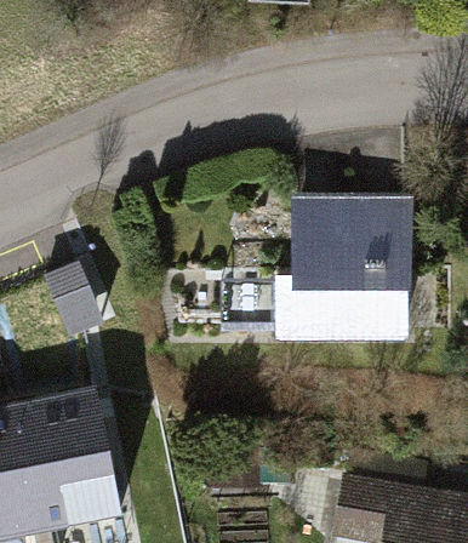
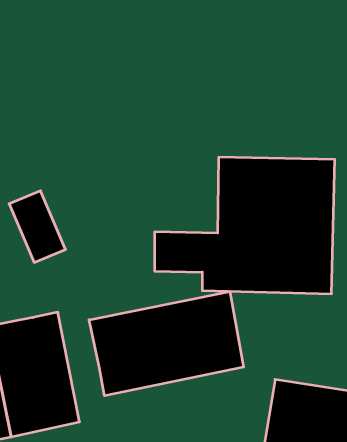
building: none -> [89,291,244,396]

